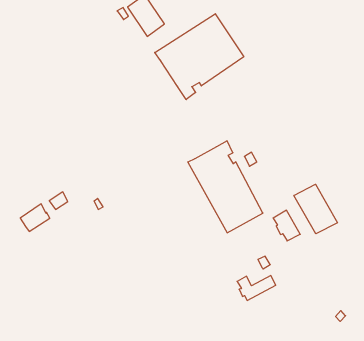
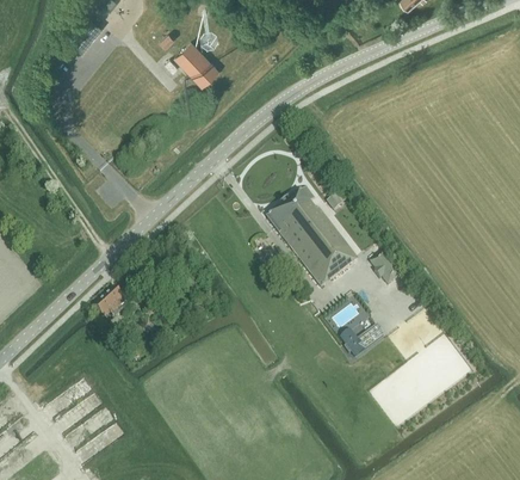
building: [155,14,244,100] -> none
building: [294,184,337,234] -> none

